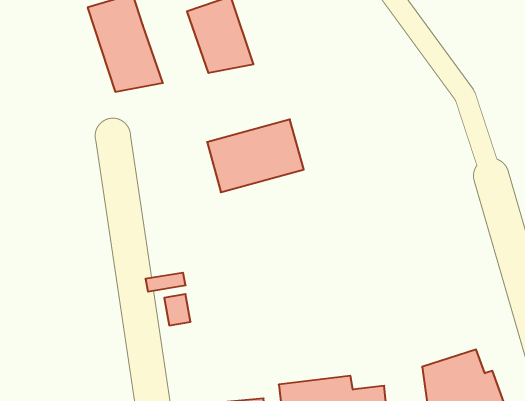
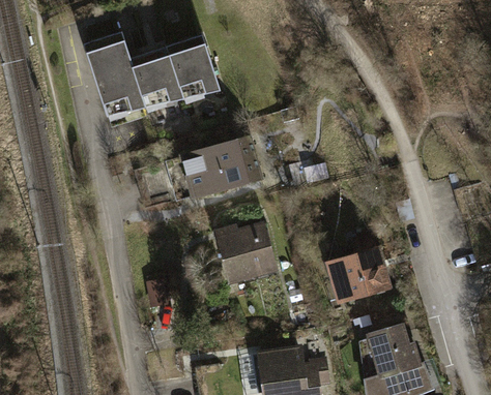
building: none -> [128,45,182,104]
building: none -> [219,224,277,284]
building: none -> [325,248,393,306]

